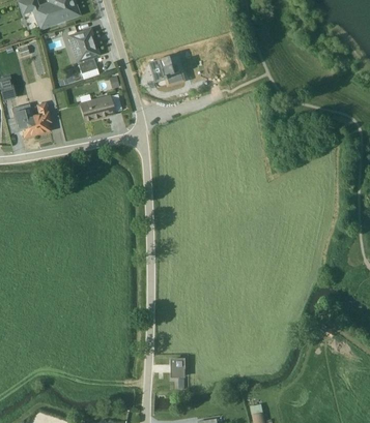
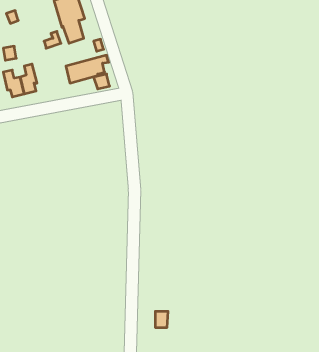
building: [151,54,182,82] -> none

